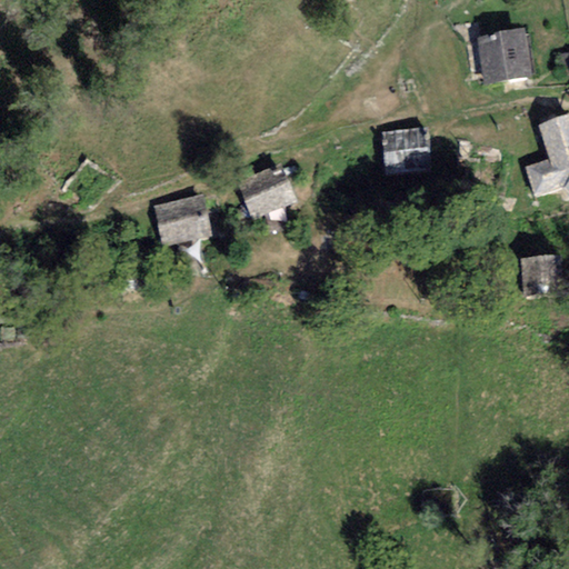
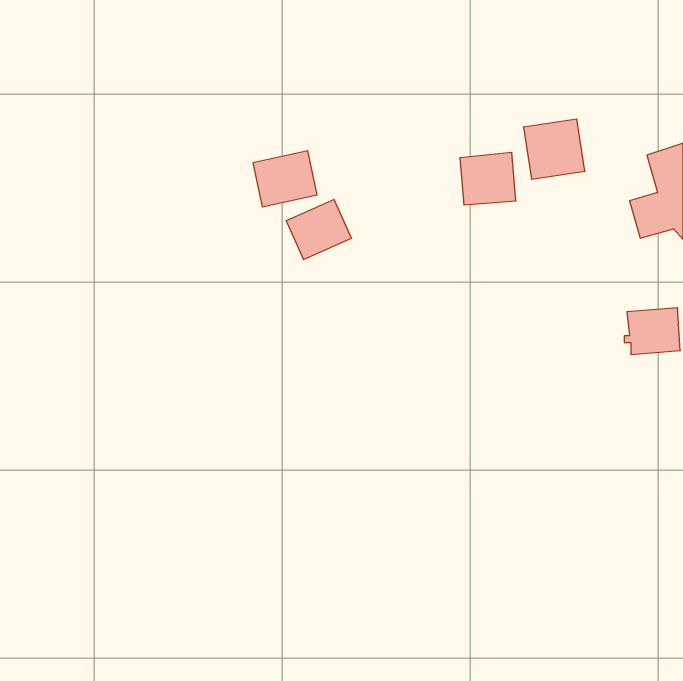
building: [479,29,530,79] -> [523,119,585,179]
building: [156,196,209,242] -> [253,151,317,207]

